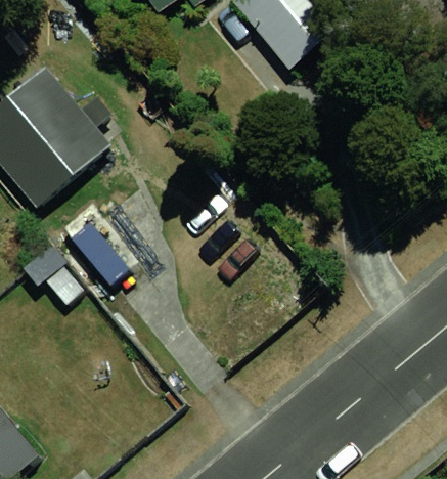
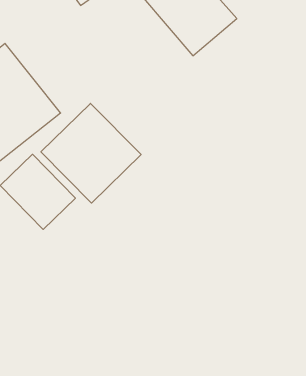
building: none -> [41,103,141,203]

